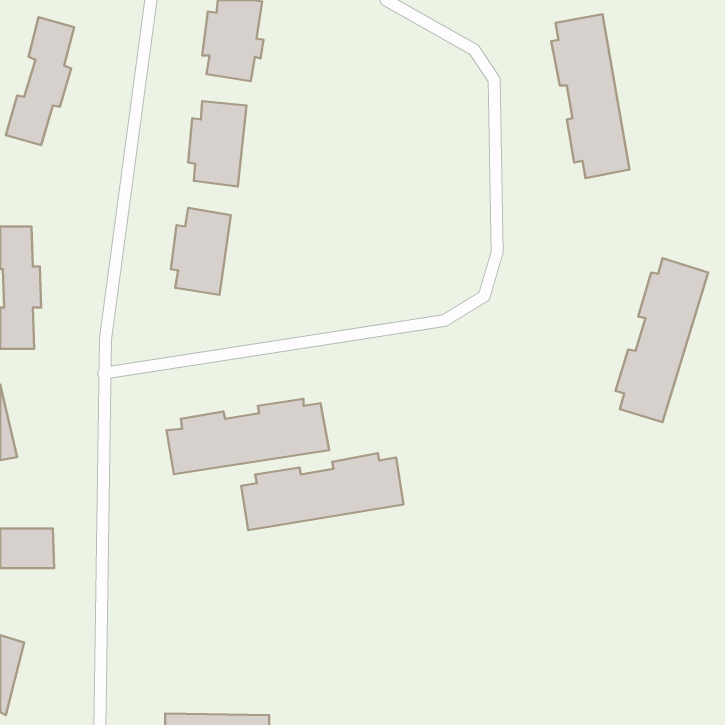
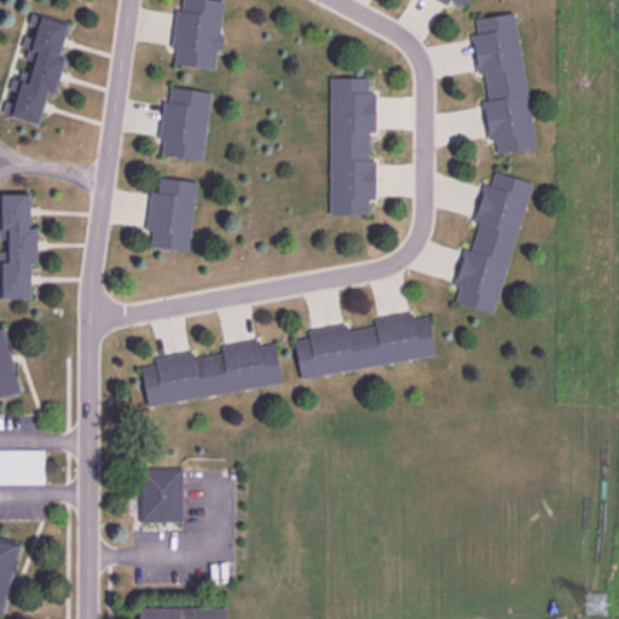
building: none -> [329,81,376,215]
building: [615,258,708,422] -> [453,174,532,313]
building: [241,453,403,530] -> [296,313,434,378]
building: none -> [145,470,186,522]

